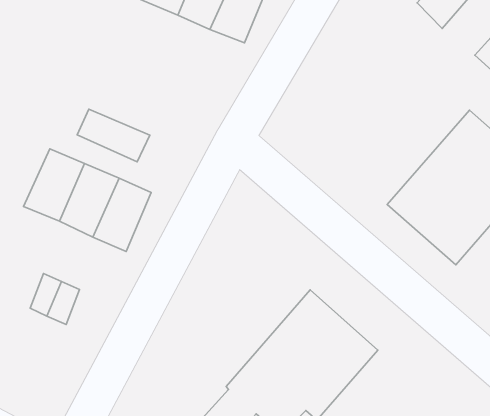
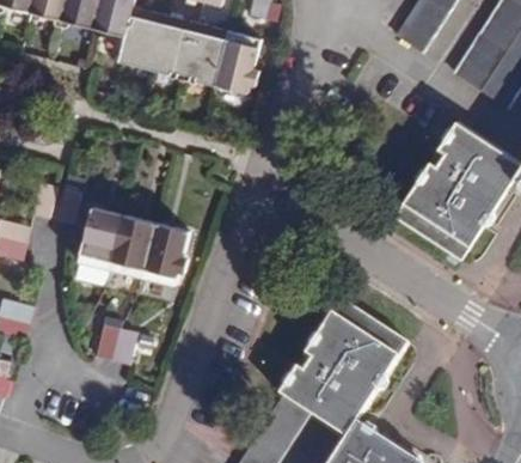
building: [77,109,150,162] -> none

